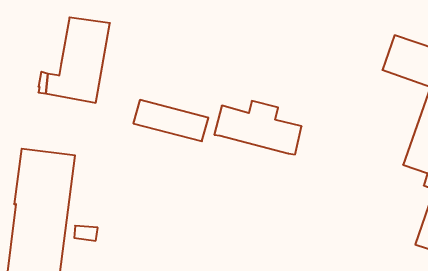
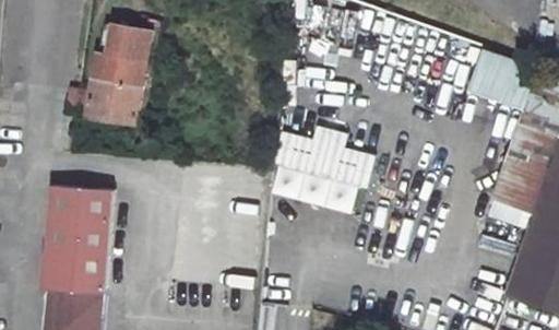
building: [133,100,208,141] -> [273,166,360,214]

